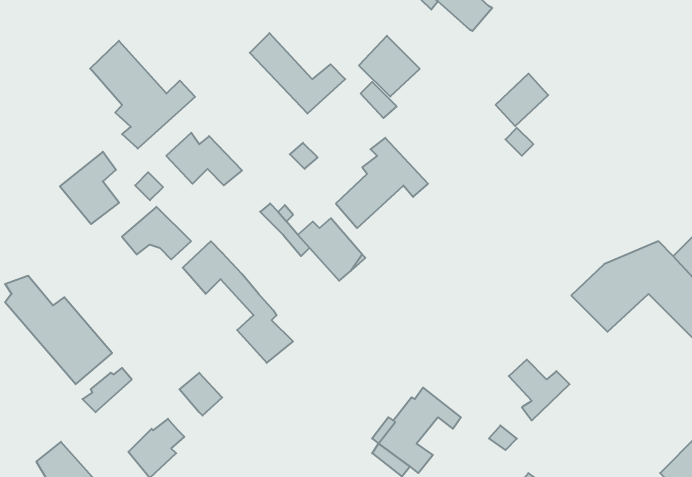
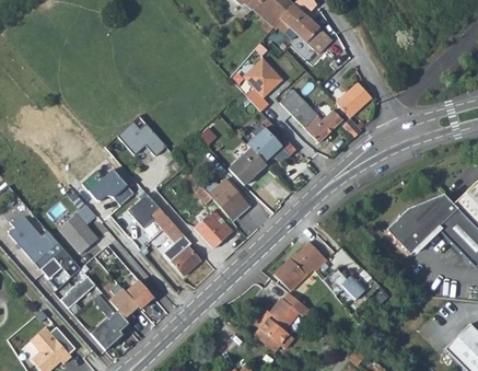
building: [250,33,345,114] -> [280,89,343,142]
building: [90,41,195,149] -> none
building: [60,152,119,224] -> [59,206,98,254]
building: none -> [194,209,233,248]
building: none -> [275,243,328,290]
building: none -> [109,289,139,320]

